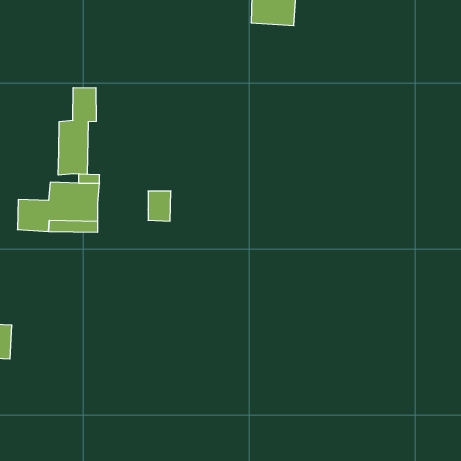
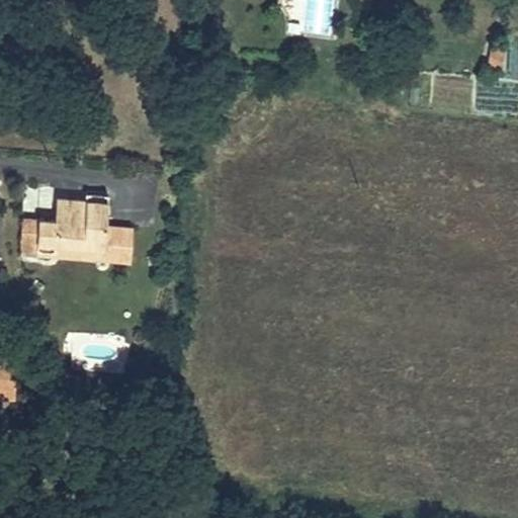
building: [58,88,96,175] -> none
building: [148,191,171,221] -> [108,226,134,259]

